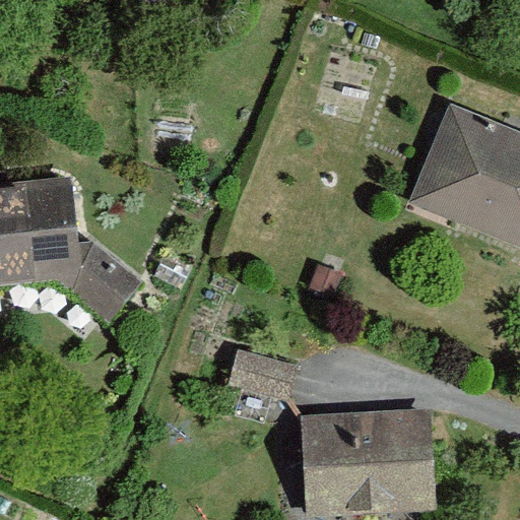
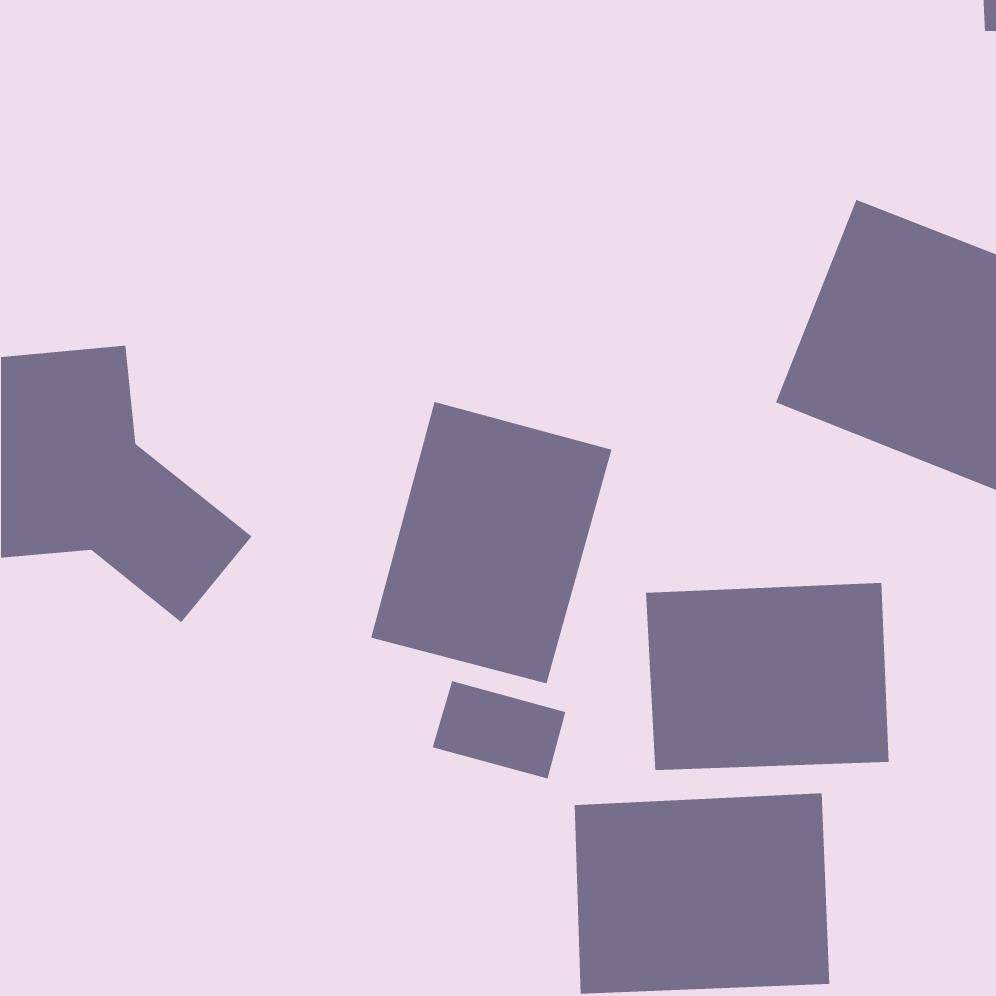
building: none -> [370,401,612,684]
building: none -> [646,582,889,771]

